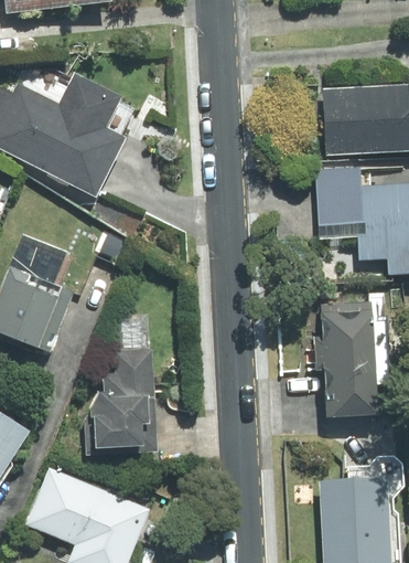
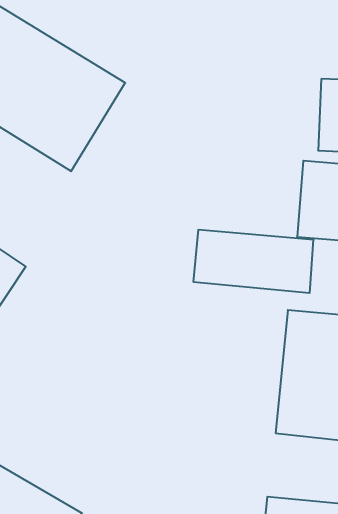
building: none -> [194,230,313,293]
building: [93,352,152,446] -> none

